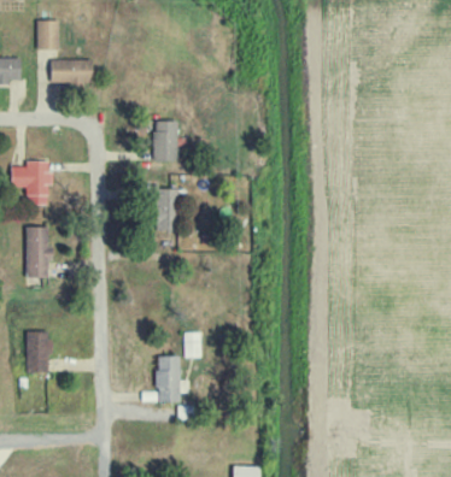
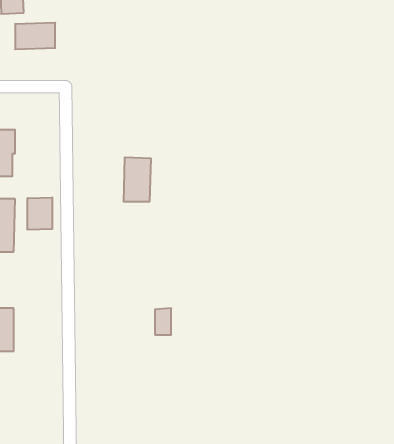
building: [153,122,178,161] -> none
building: none -> [28,197,52,230]
building: [157,357,180,402] -> none

